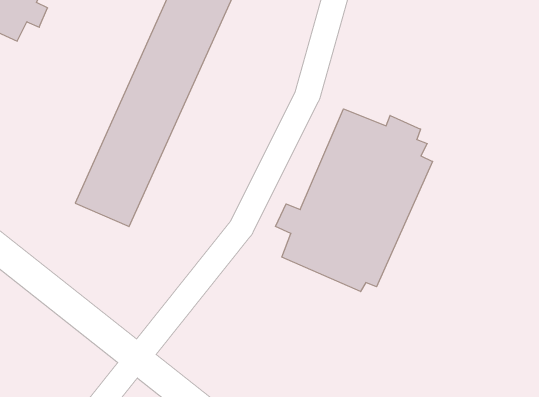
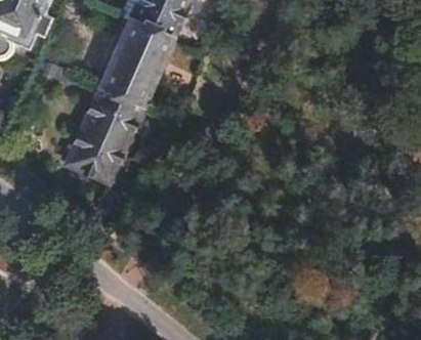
building: [276,109,433,292] -> none

